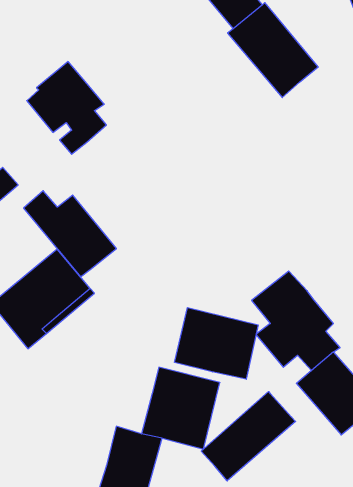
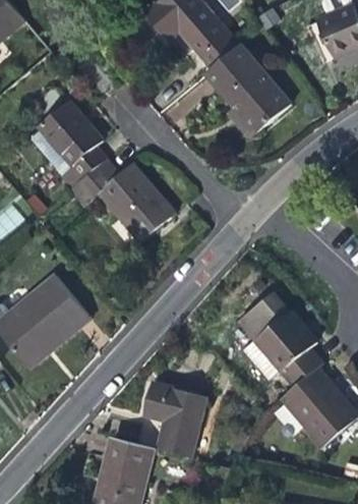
building: [24,191,116,277] -> [83,159,170,239]
building: [175,308,258,379] -> none
building: [201,392,296,481] -> none

